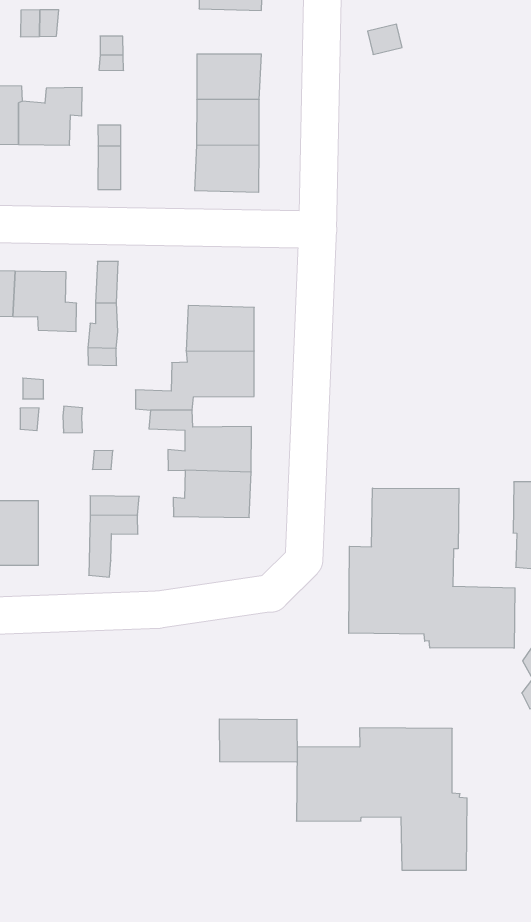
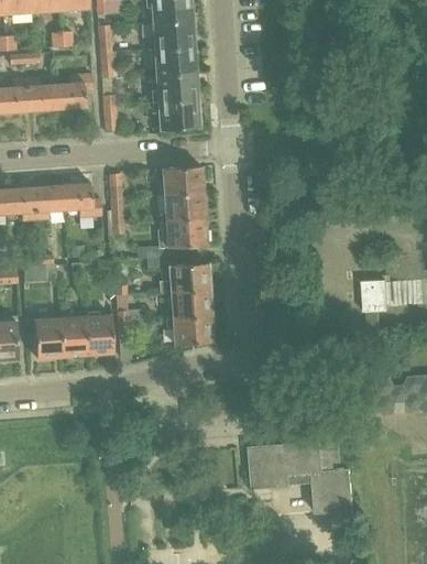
building: none -> [154,20,193,48]
building: none -> [161,166,201,195]
building: [349,488,515,648] -> none
building: none -> [86,315,114,354]
building: none -> [165,315,211,345]
building: [220,719,297,762] -> none

